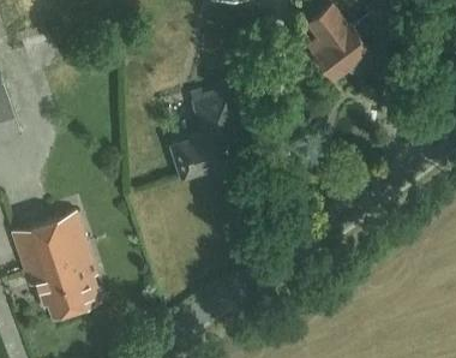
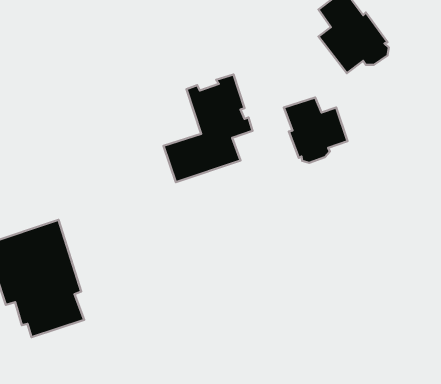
building: none -> [284,97,347,163]

